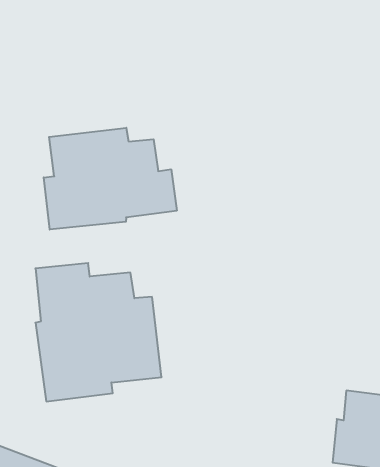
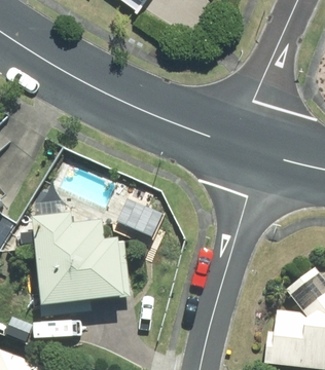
building: [44,128,177,230] -> none

